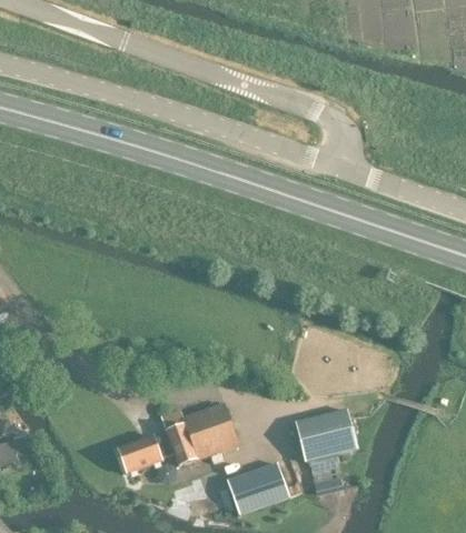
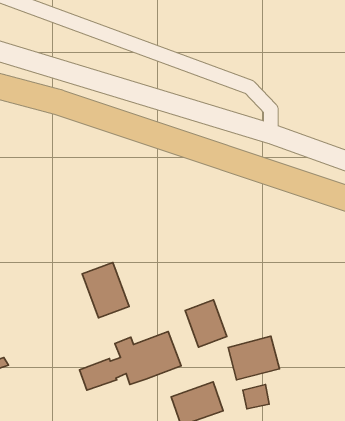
building: none -> [82,263,129,318]
building: none -> [185,300,227,347]

